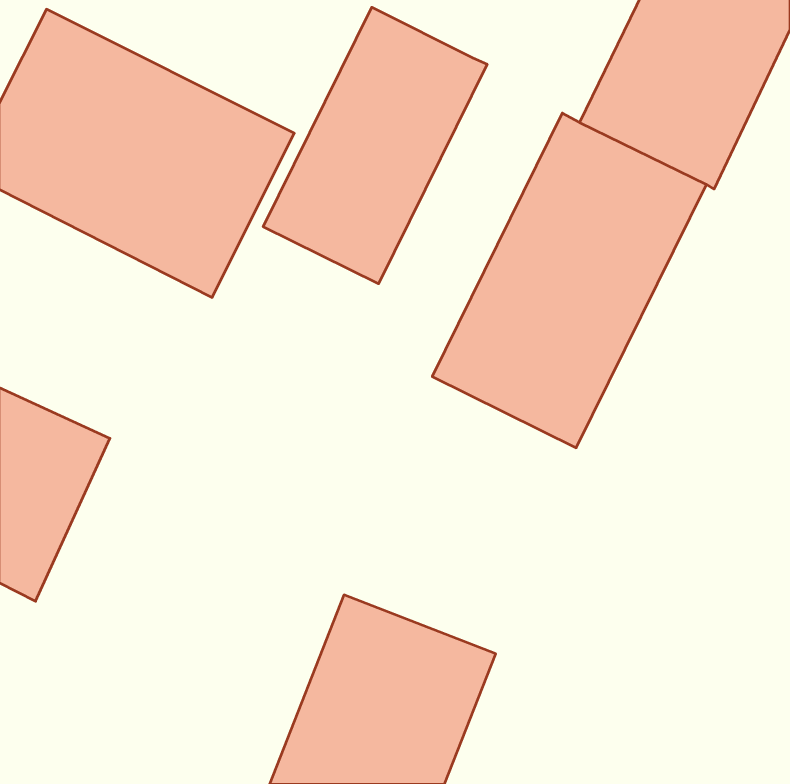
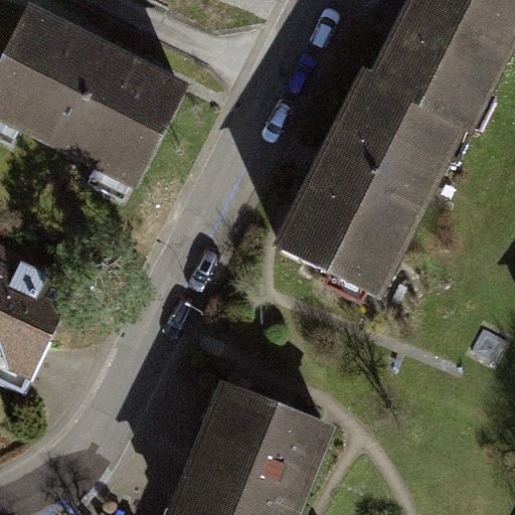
building: [263,7,487,284] -> none

